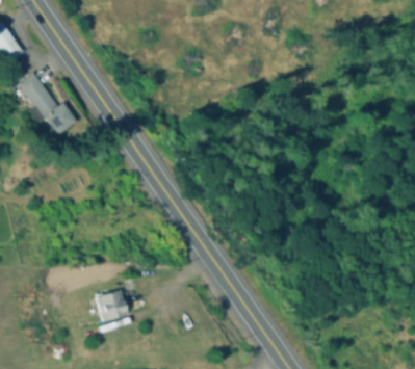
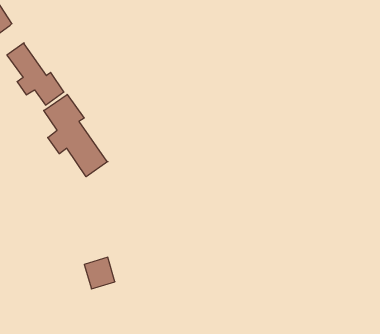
building: none -> [44,94,108,177]

